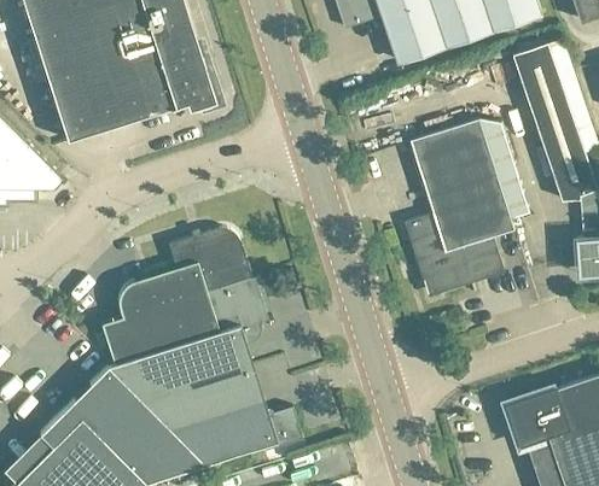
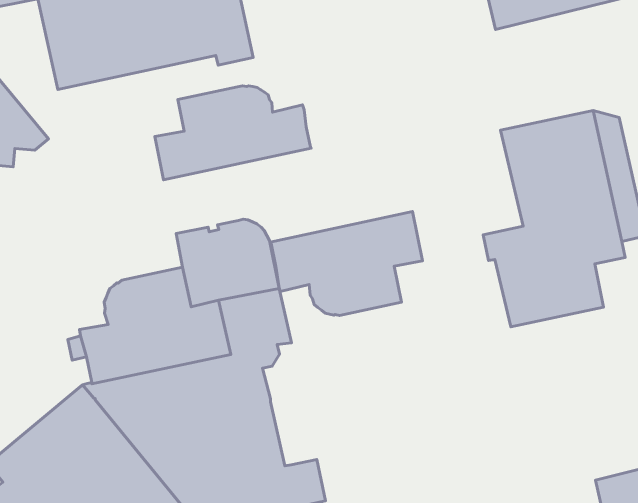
building: none -> [155,86,311,180]
building: none -> [270,212,422,315]

